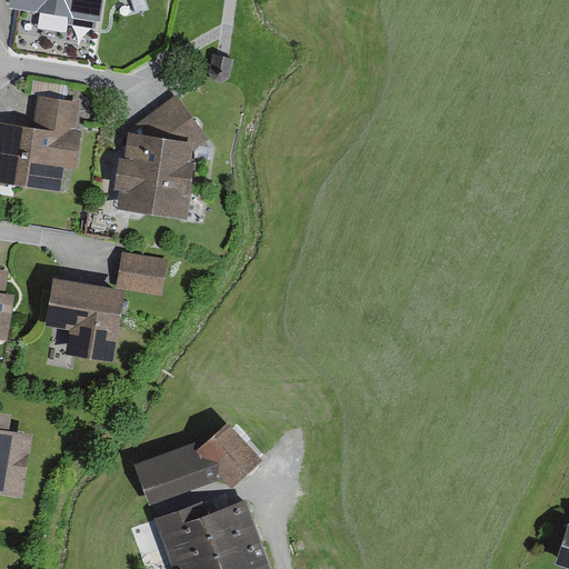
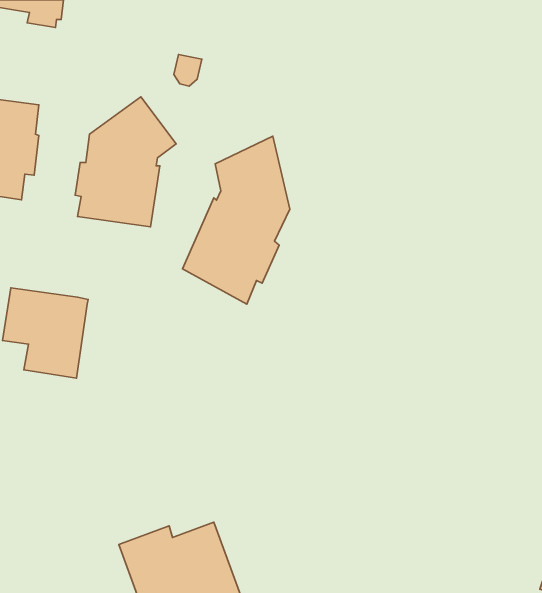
building: none -> [182,136,290,304]
building: [116,252,167,299] -> none
building: [133,420,263,505] -> none

